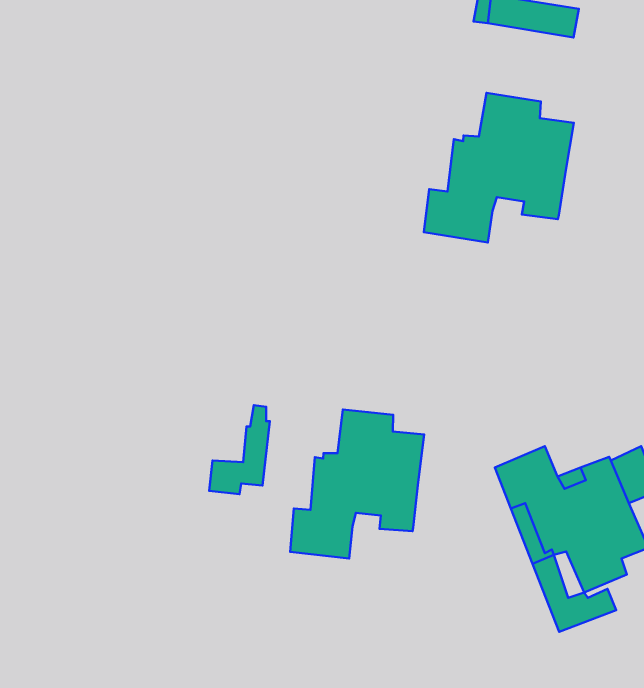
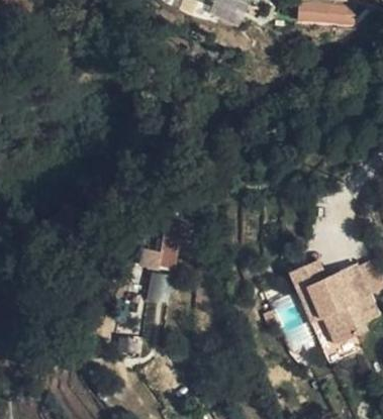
building: [424,93,574,243] -> none
building: [290,409,424,559] -> none

